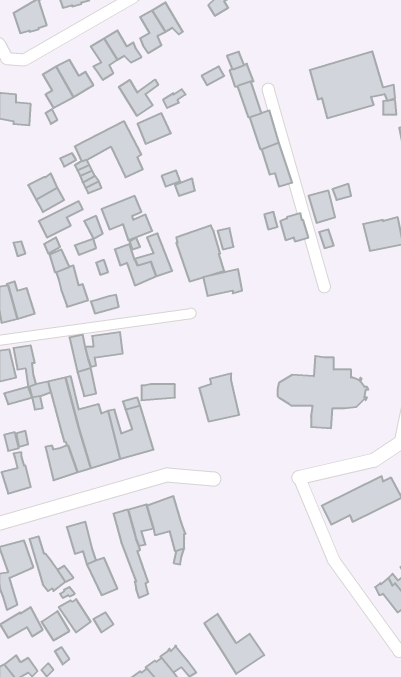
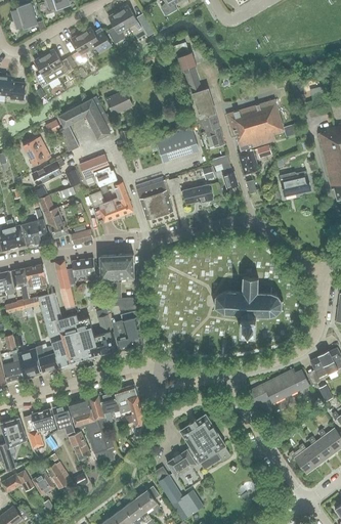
building: [310,51,395,118] -> [226,99,292,150]
building: [119,80,158,116] -> none
building: none -> [156,128,199,161]
building: [203,269,242,296] -> [182,183,212,204]
building: none -> [22,210,48,244]
building: none -> [100,254,134,277]
building: none -> [25,264,47,291]
building: [199,373,239,421] -> [112,311,142,348]
building: none -> [17,348,40,377]
building: none -> [69,397,105,457]
building: none -> [31,408,56,433]
building: none -> [166,413,228,477]
building: none -> [135,485,163,514]

